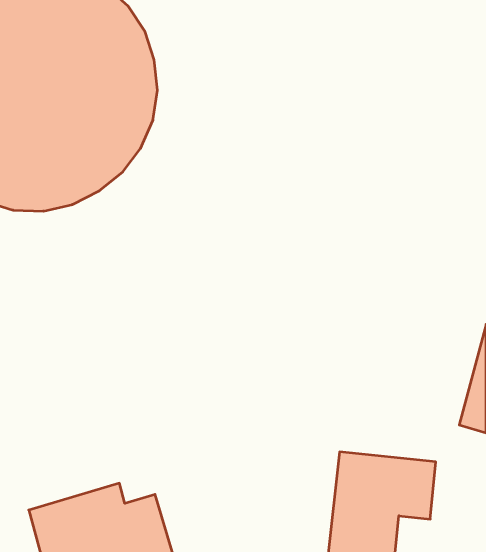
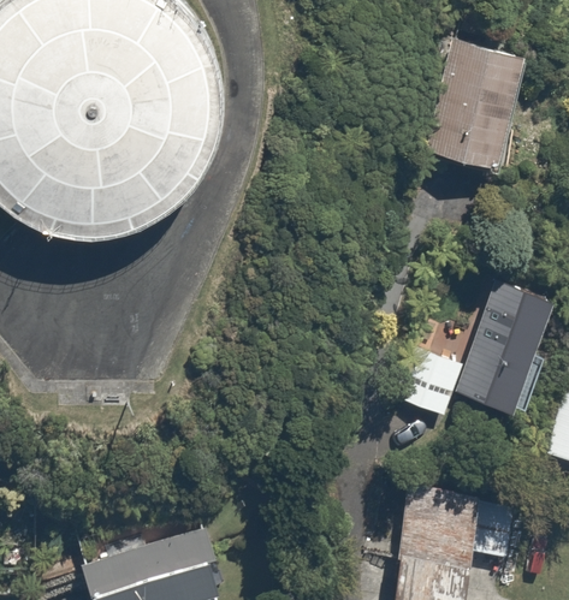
building: none -> [415,42,526,174]
building: none -> [383,279,556,418]

